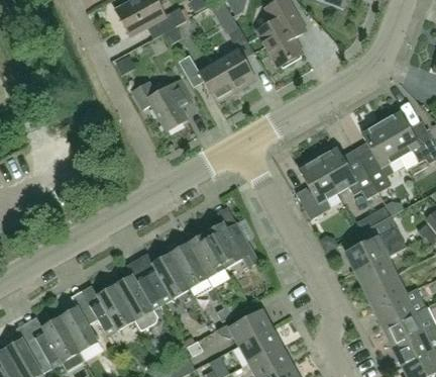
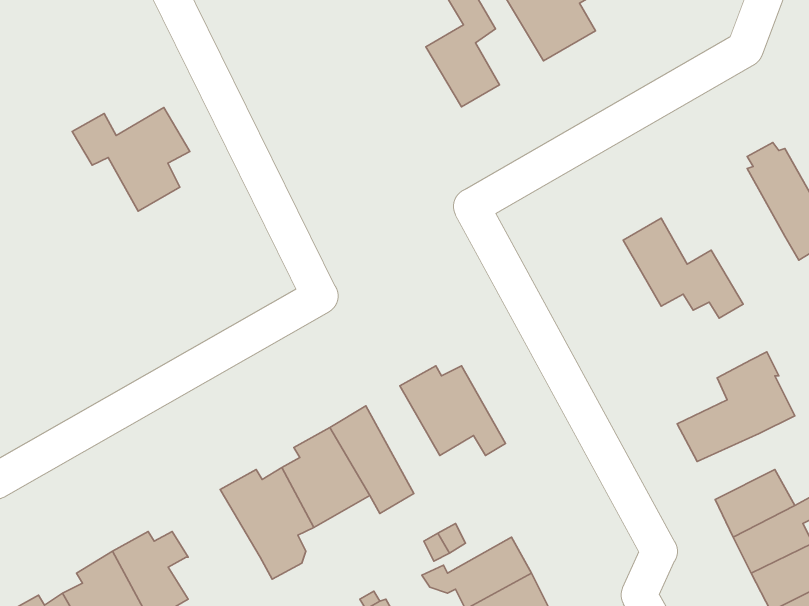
building: [178,54,236,101] -> none
building: [132,78,192,130] -> [72,108,190,211]
building: [361,119,400,190] -> none
building: [299,158,337,218] -> none
building: [188,231,230,286] -> none
building: [355,256,395,289] -> none
building: [90,284,134,335] -> none

